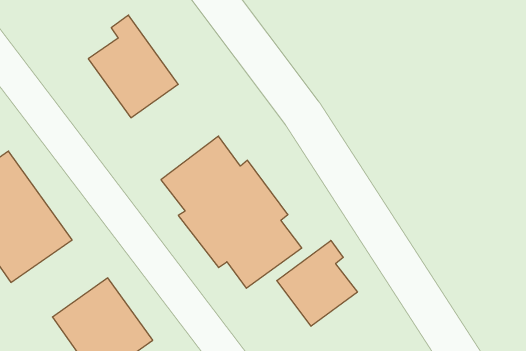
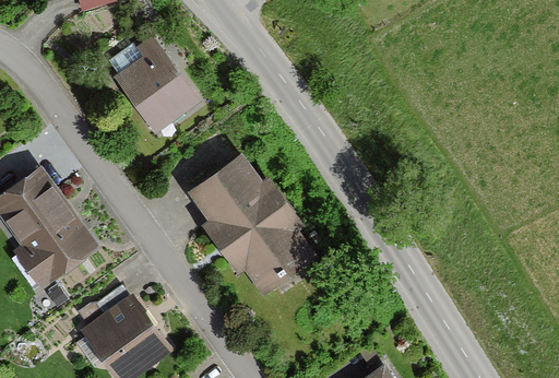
building: [277,240,357,326] -> none

